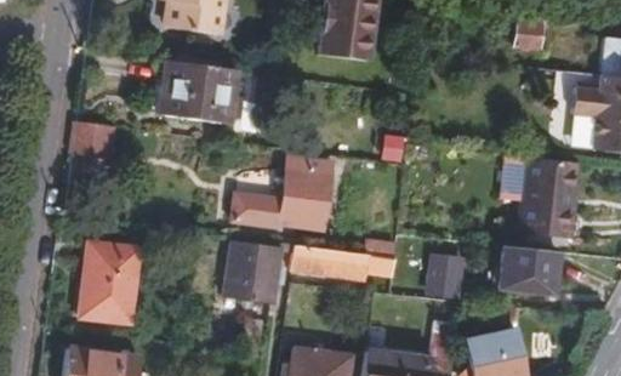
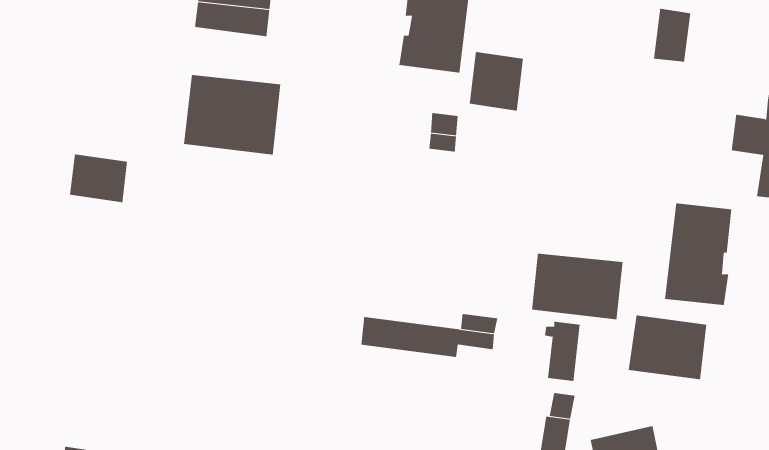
building: none -> [469,51,524,111]
building: [233,169,329,228] -> none
building: none -> [531,253,623,320]
building: [79,243,141,320] -> none
building: [221,245,280,306] -> none

